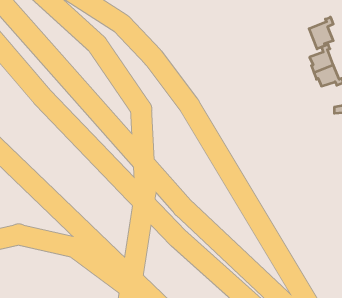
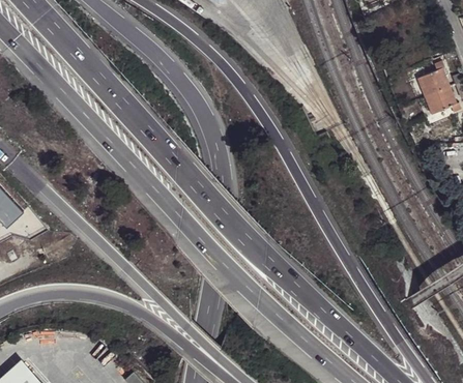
building: [309,17,333,49] -> none

